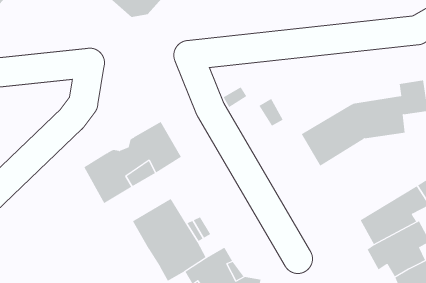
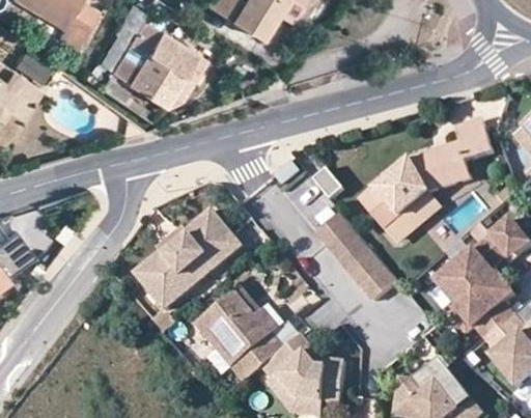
building: none -> [387,194,444,248]
building: none -> [318,214,398,300]

